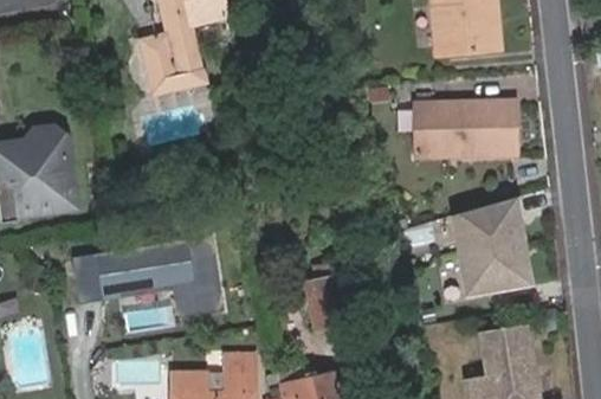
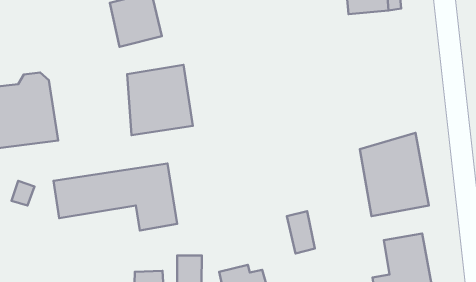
building: [413,99,515,155] -> none
building: none -> [127,65,193,135]
building: [305,276,340,328] -> [287,211,315,253]

